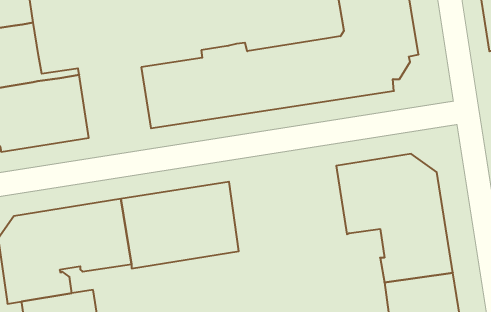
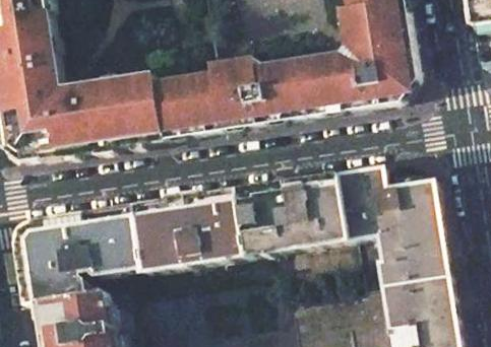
building: none -> [91,72,161,147]
building: none -> [235,174,347,255]

